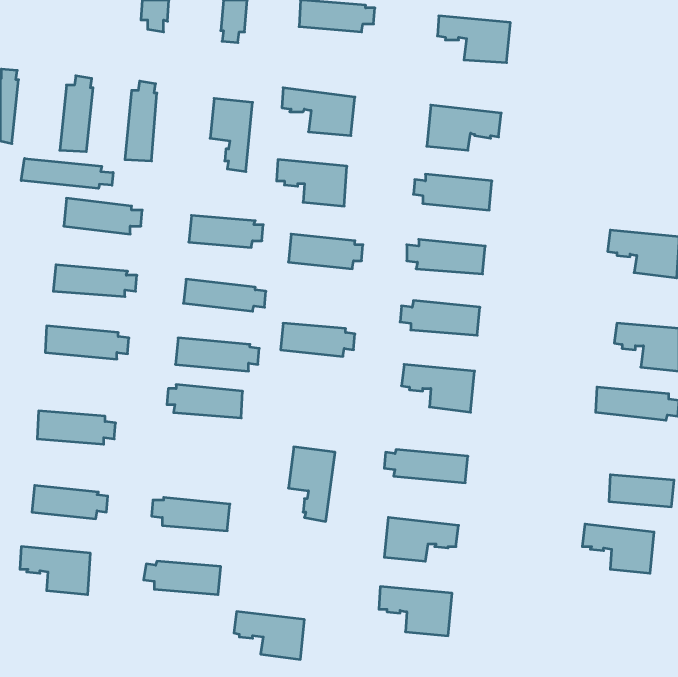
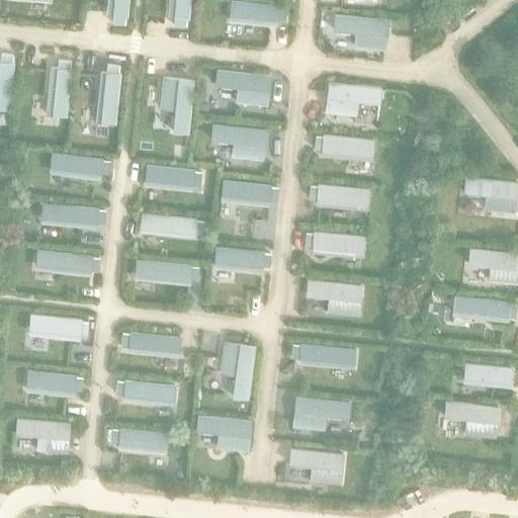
building: [21,158,113,188] -> none
building: [167,385,243,418] -> [122,332,180,357]
building: [234,612,304,659] -> [198,415,252,451]

